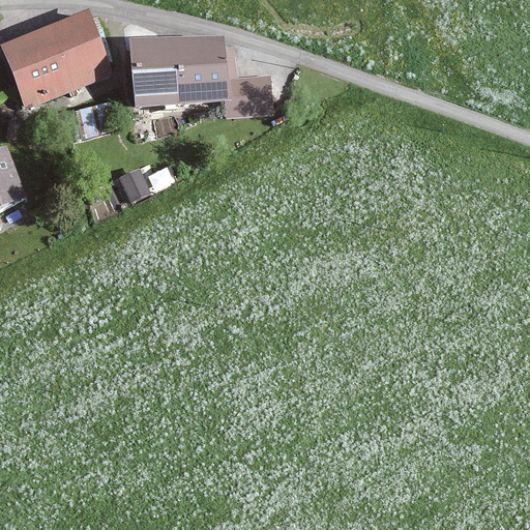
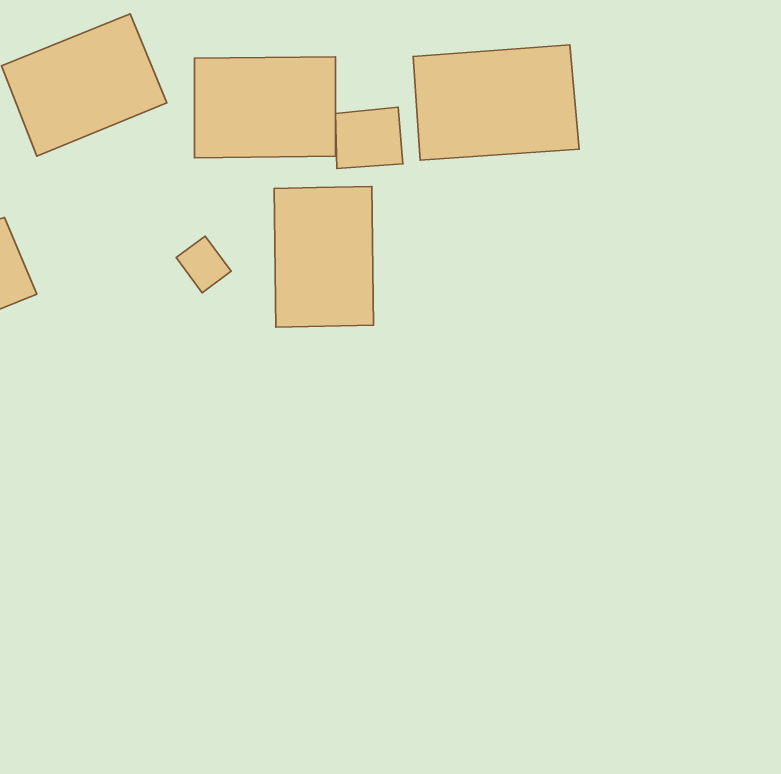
building: none -> [413,45,579,160]
building: none -> [274,186,374,327]

